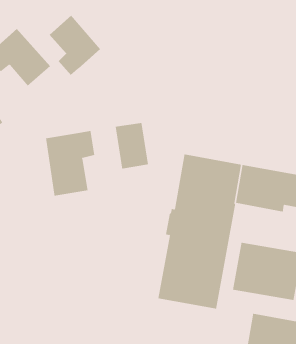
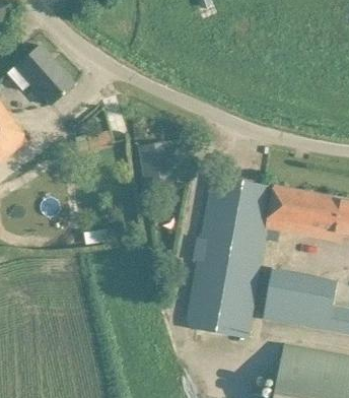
building: [49,15,101,76] -> none
building: [45,130,95,196] -> none

